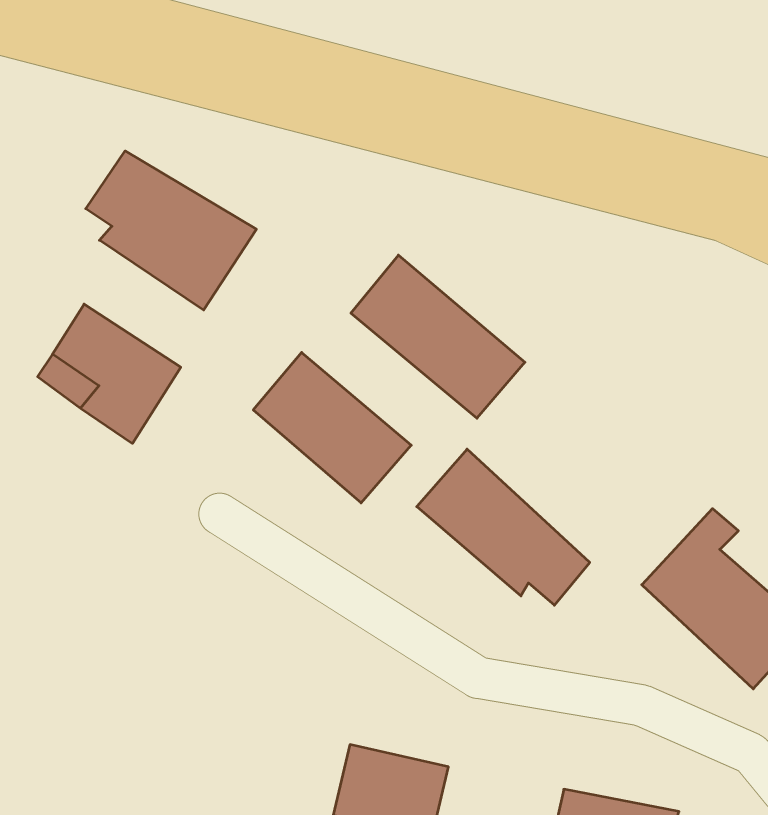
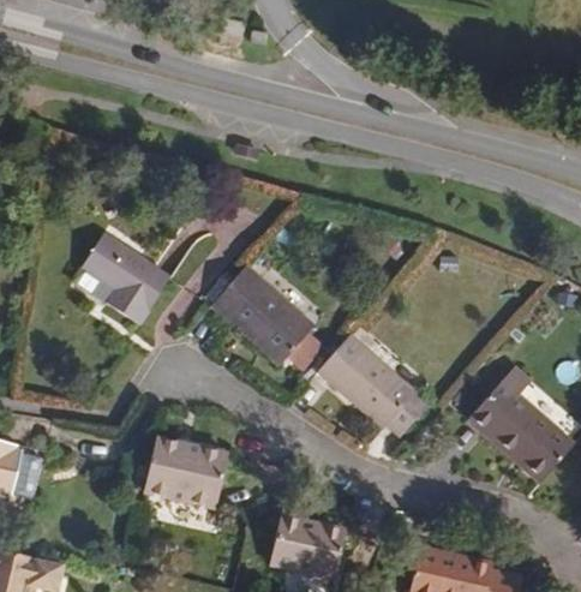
building: [86,151,256,310] -> none
building: [351,255,525,418] -> none
building: none -> [144,442,229,512]

